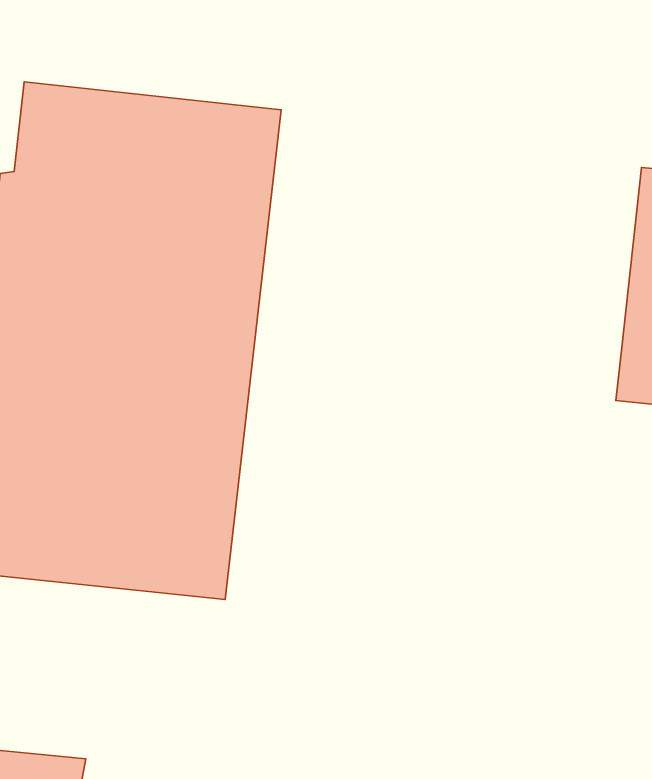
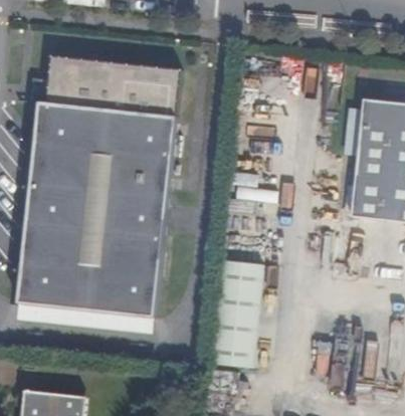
building: none -> [210,261,263,369]

